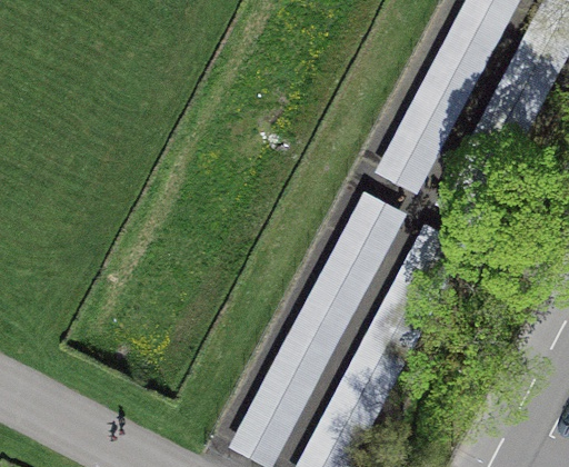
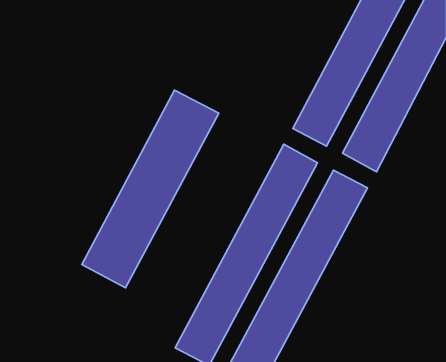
building: none -> [82,90,219,288]

